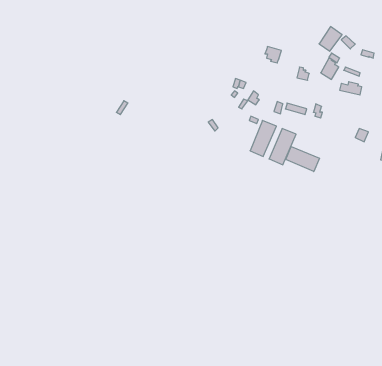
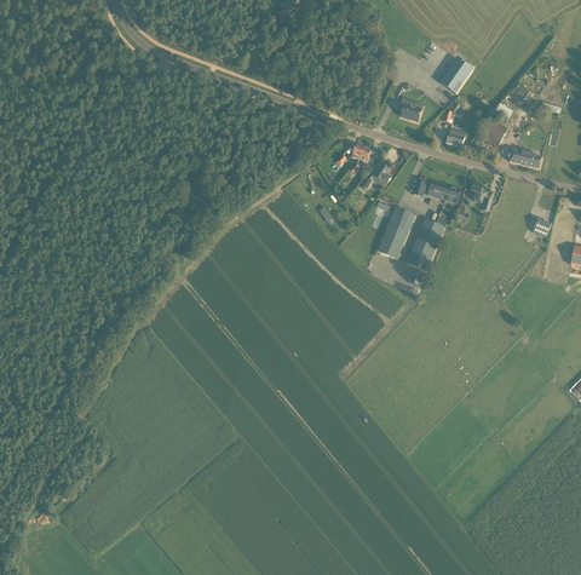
building: [319,27,342,51] -> [438,57,472,93]
building: [286,147,319,172] -> none

